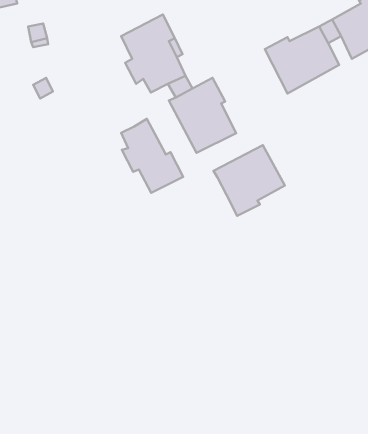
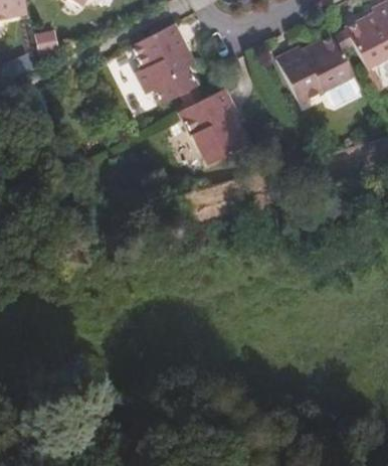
building: [121,119,183,193] -> none
building: [213,145,285,216] -> none

